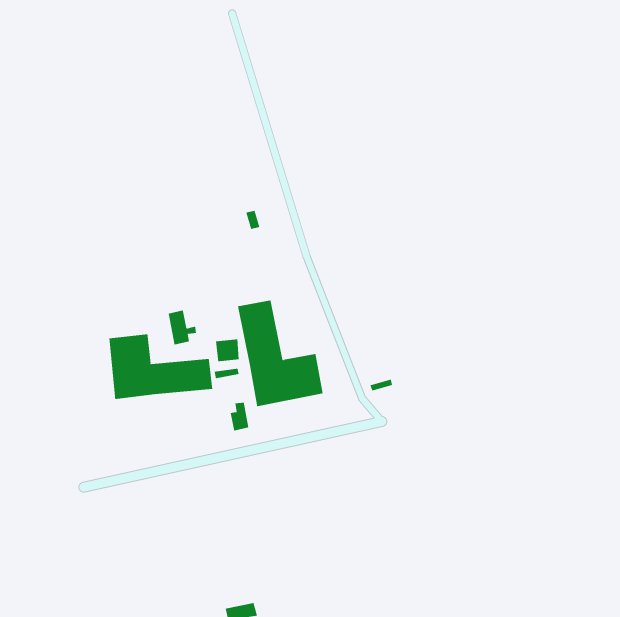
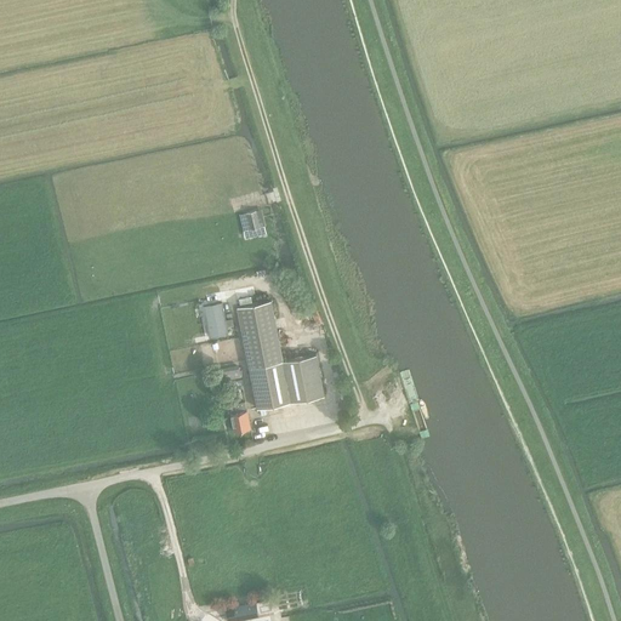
building: [168,310,197,345] -> [204,306,233,341]
building: [109,333,213,400] -> none

